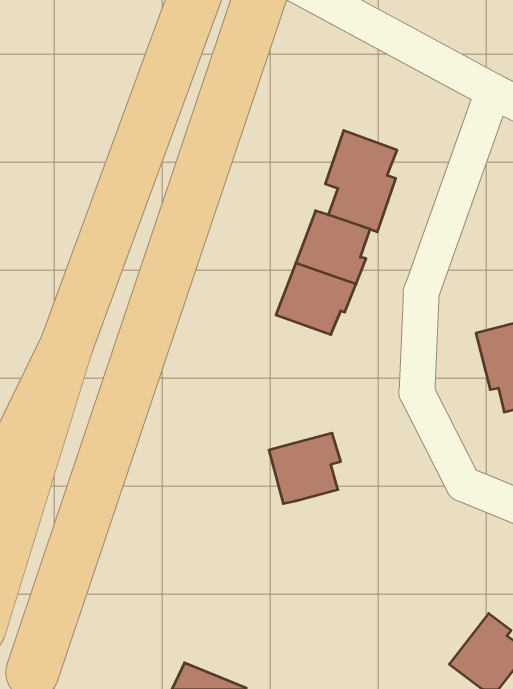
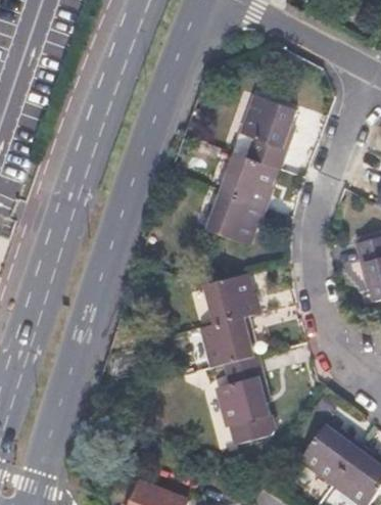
building: none -> [203,273,260,325]
building: none -> [218,356,271,442]
building: none -> [301,426,362,484]

